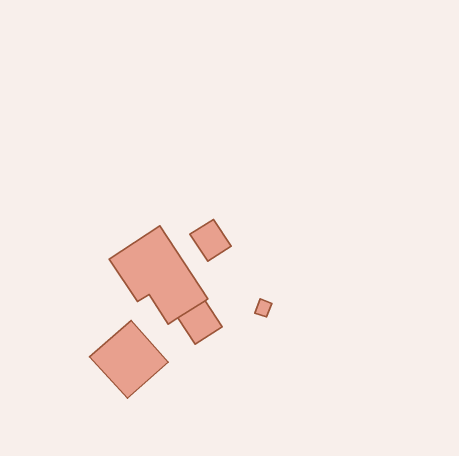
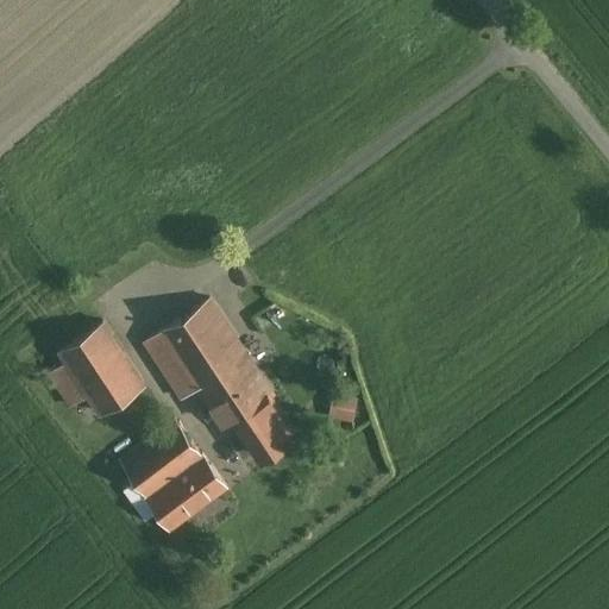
building: [190,219,231,261] -> none
building: none -> [42,327,137,423]

